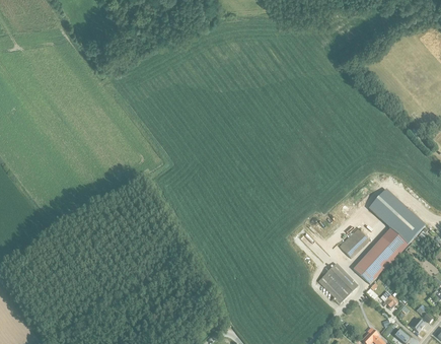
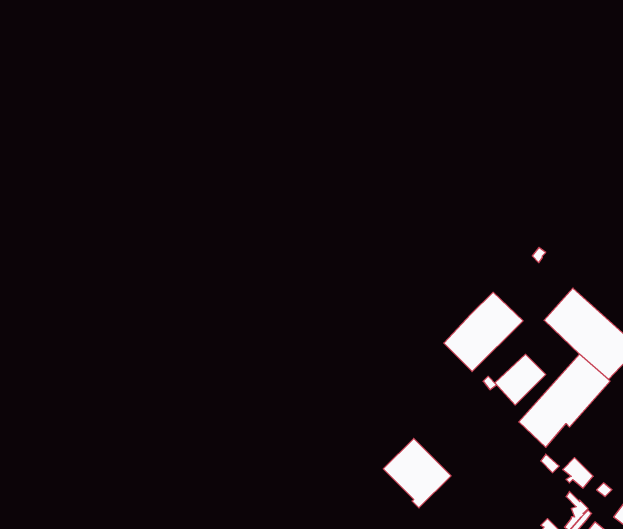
building: none -> [444,292,523,372]
building: [317,264,358,305] -> [383,438,451,508]

